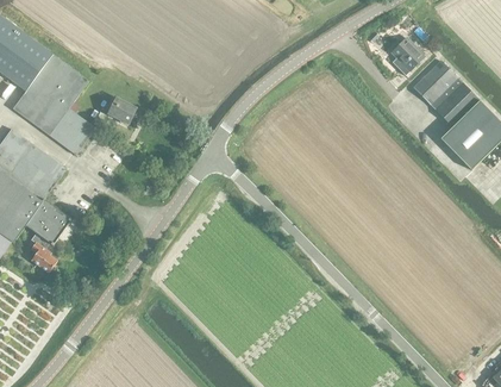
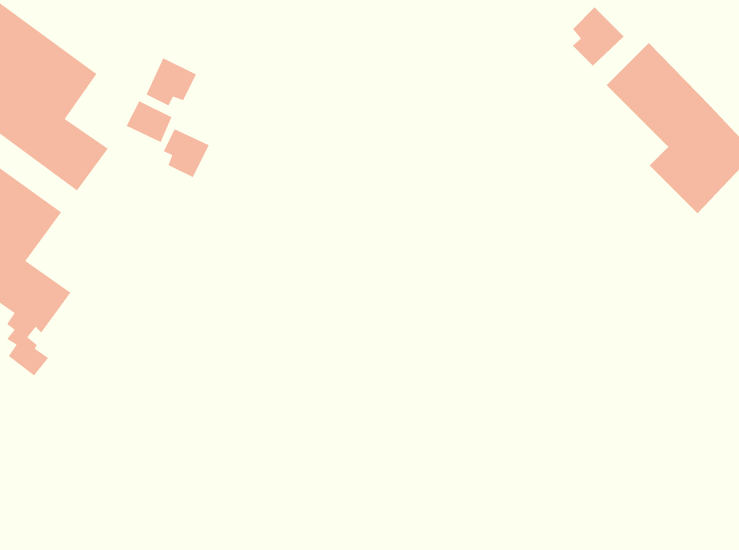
building: none -> [145,57,197,107]
building: none -> [163,128,210,178]

